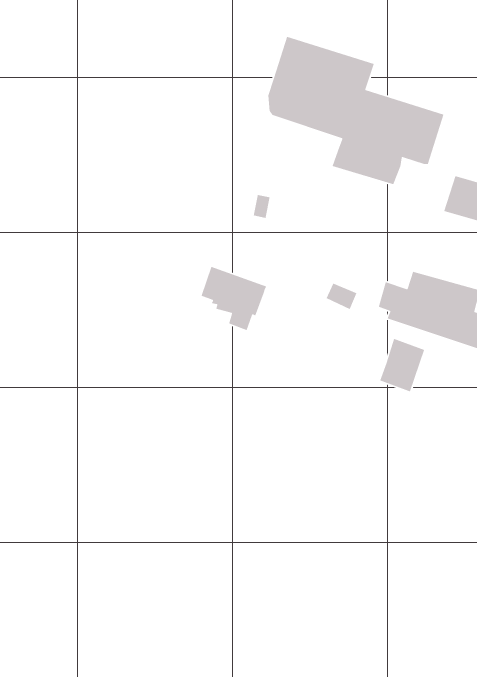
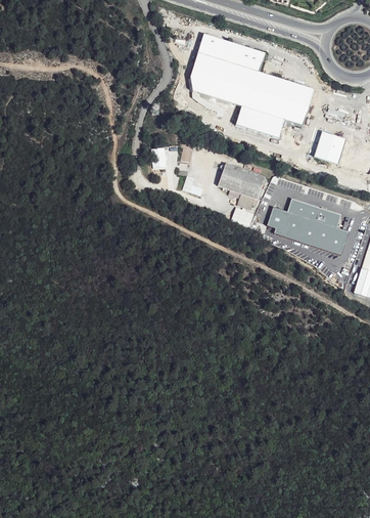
building: [201,266,267,331] -> [218,164,265,210]
building: [379,338,425,393] -> none

